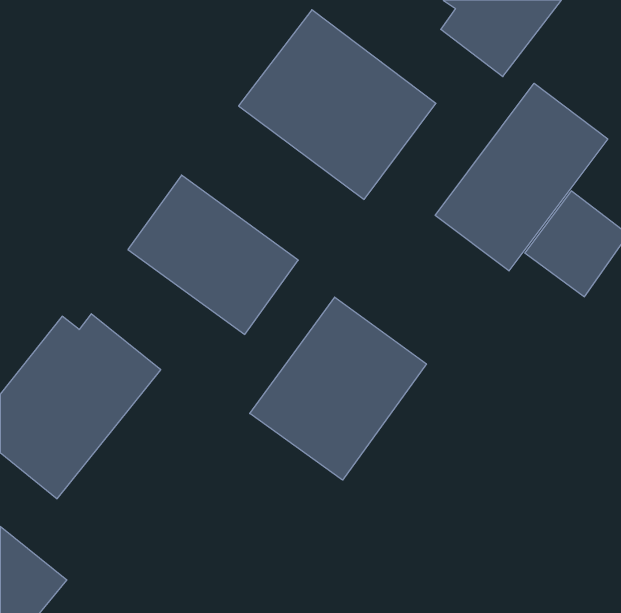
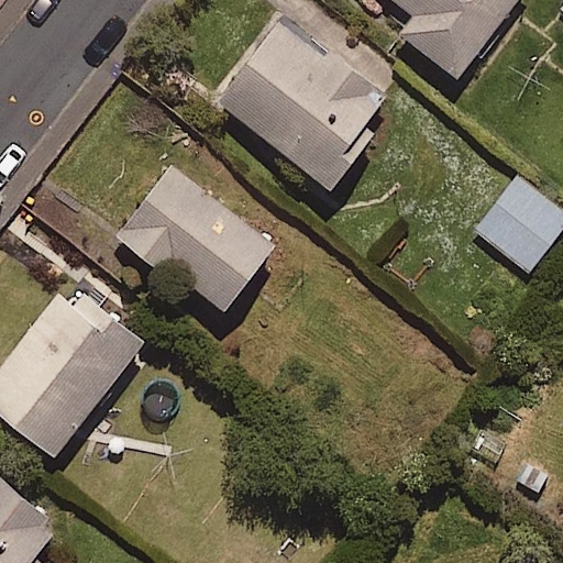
building: [435,83,608,271] -> none
building: [250,297,426,480] -> none

